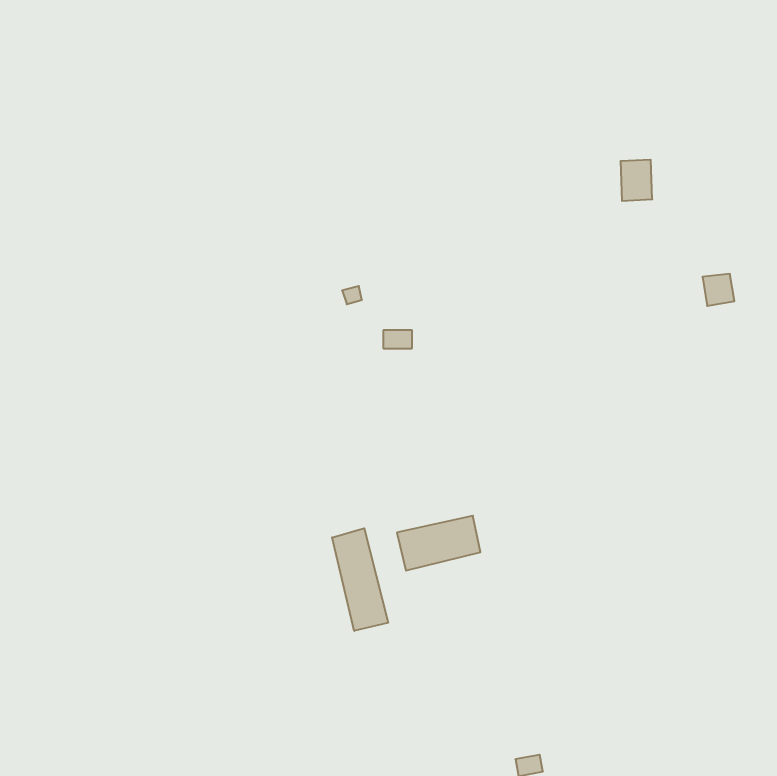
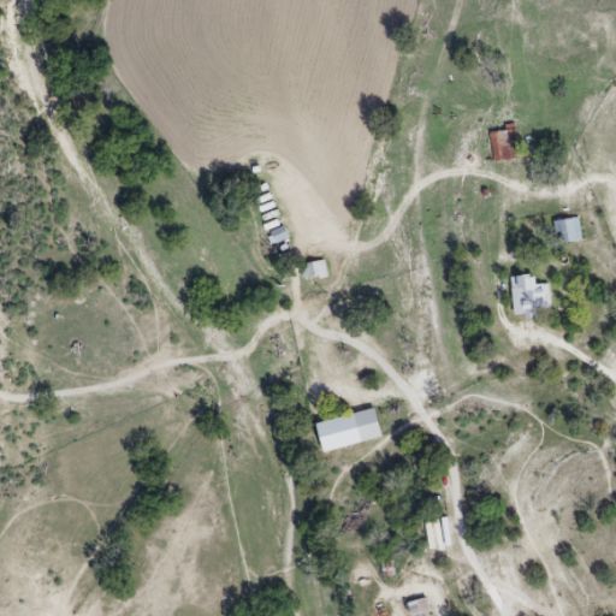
building: none -> [510,273,550,315]
building: [332,528,388,631] -> none

